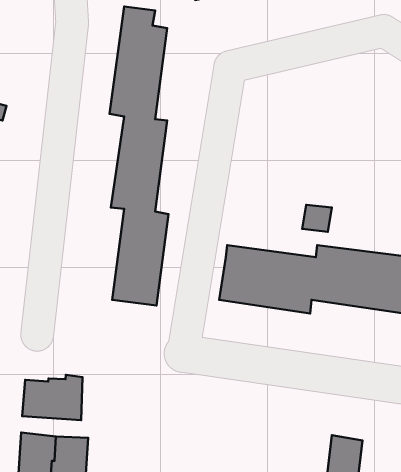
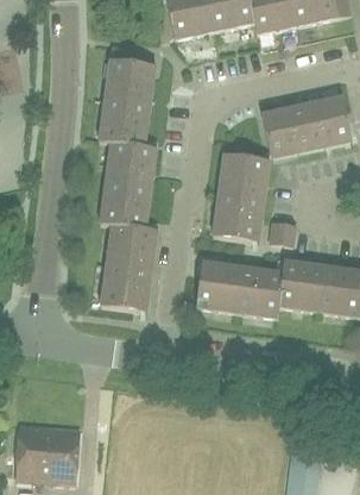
building: none -> [261,98,349,153]
building: none -> [213,155,264,242]
building: [22,375,83,420] -> none

